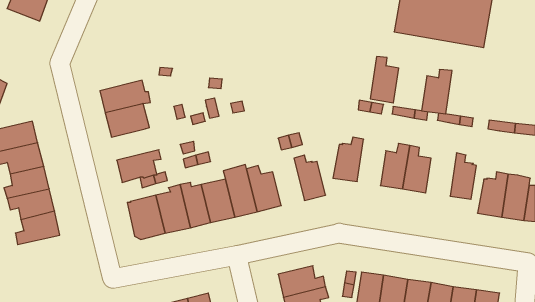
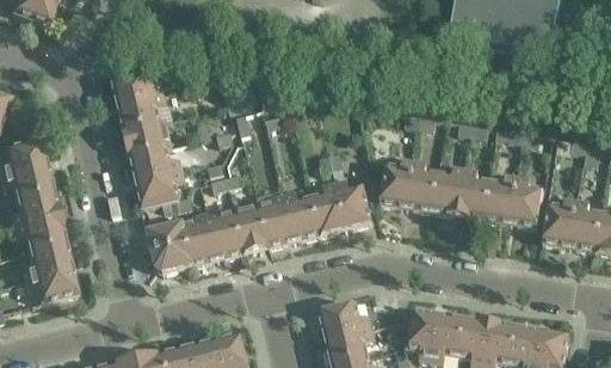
building: [370,57,399,103] -> [407,159,439,211]
building: none -> [110,69,163,104]
building: [422,70,452,114] -> [485,173,519,223]
building: none -> [129,147,183,183]
building: none -> [308,180,347,234]
building: none -> [23,268,76,301]

